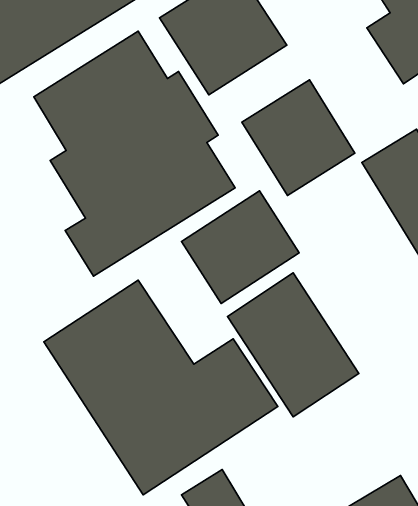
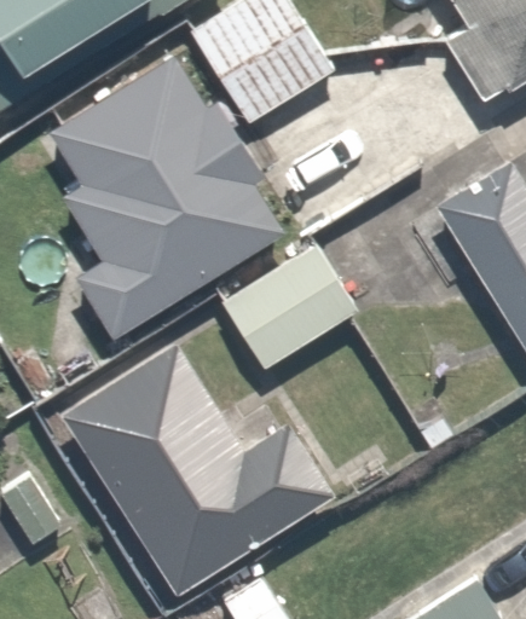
building: [242,80,355,196] -> none
building: [228,273,359,417] -> none

